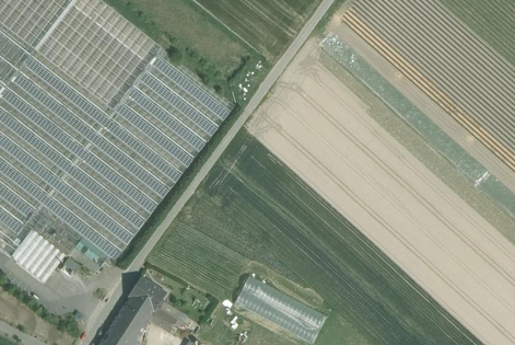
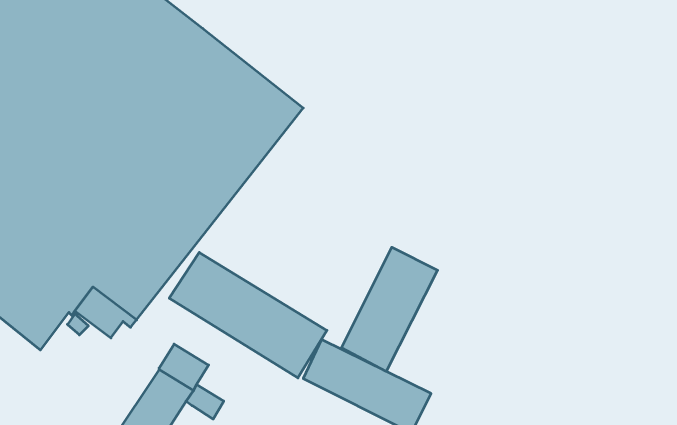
building: none -> [342,247,438,371]
building: none -> [169,252,327,378]

